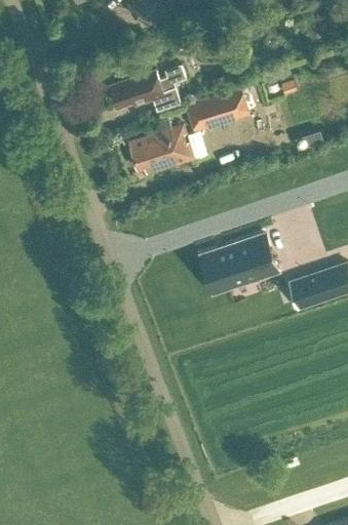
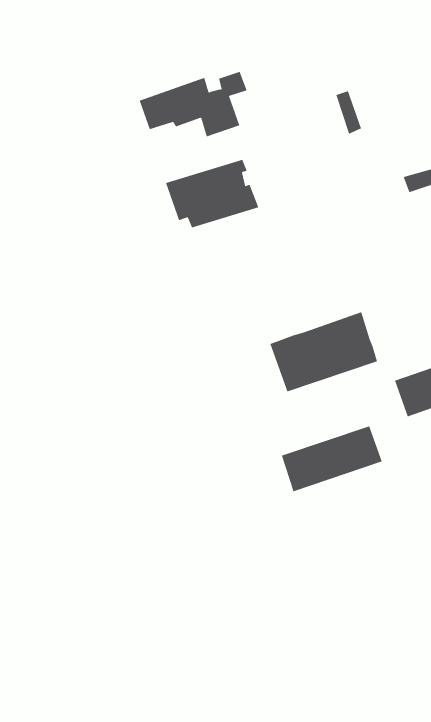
building: [183,90,248,135] -> none
building: none -> [281,426,383,492]

